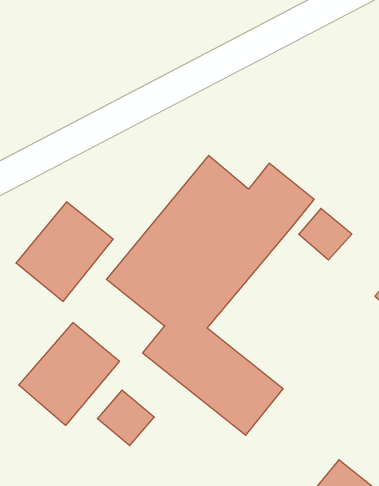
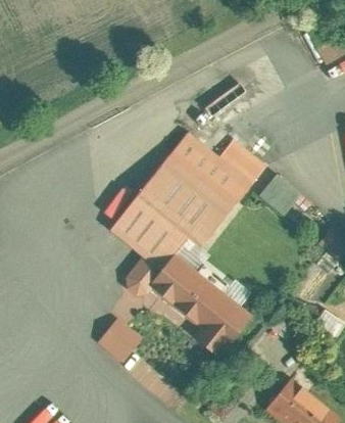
building: [16,202,113,301] -> none
building: [19,323,119,425] -> none

